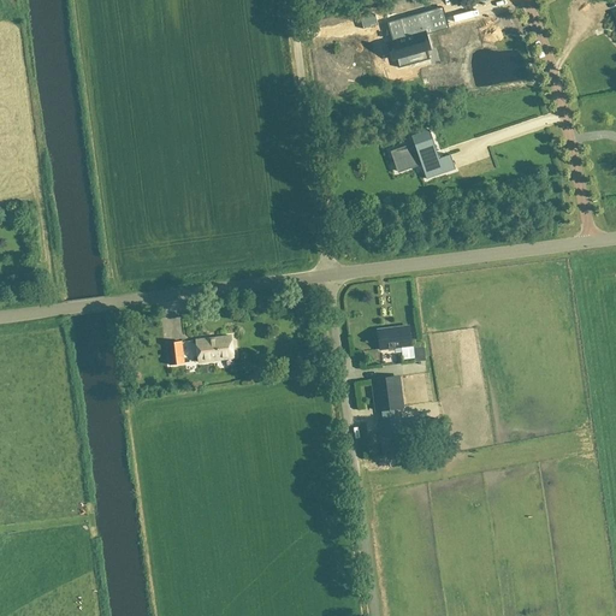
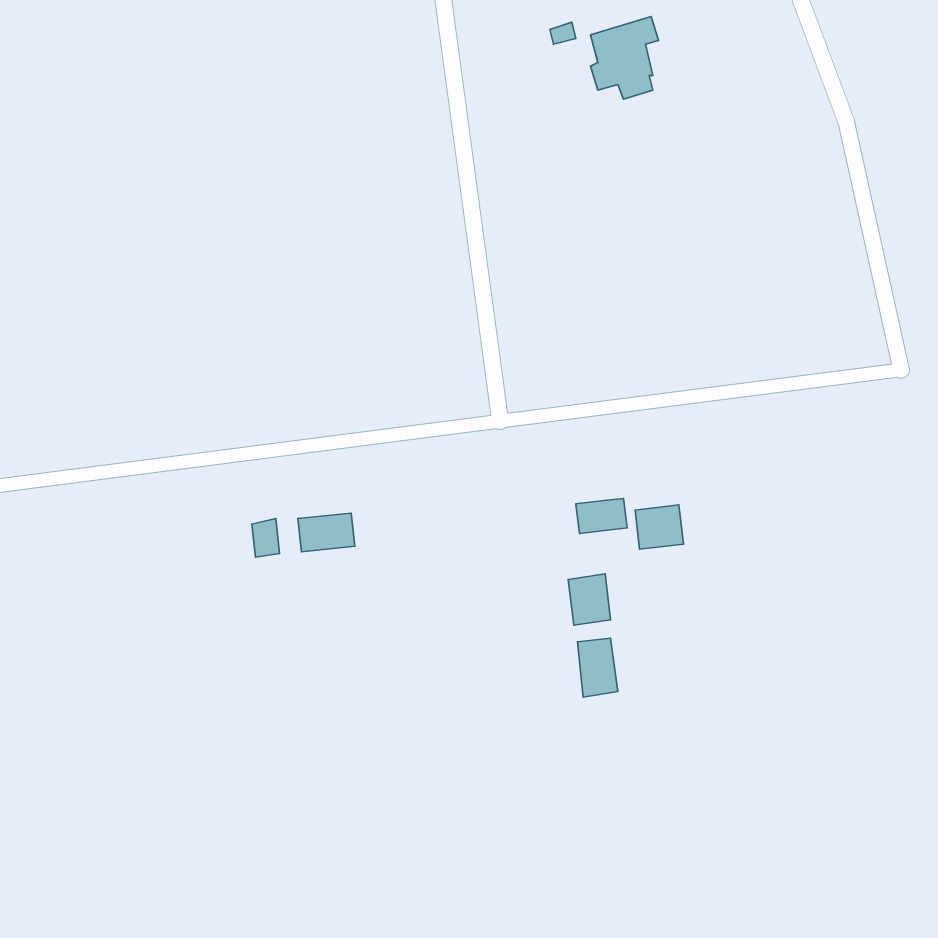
building: [391,130,445,179] -> none
building: none -> [635,505,683,549]

